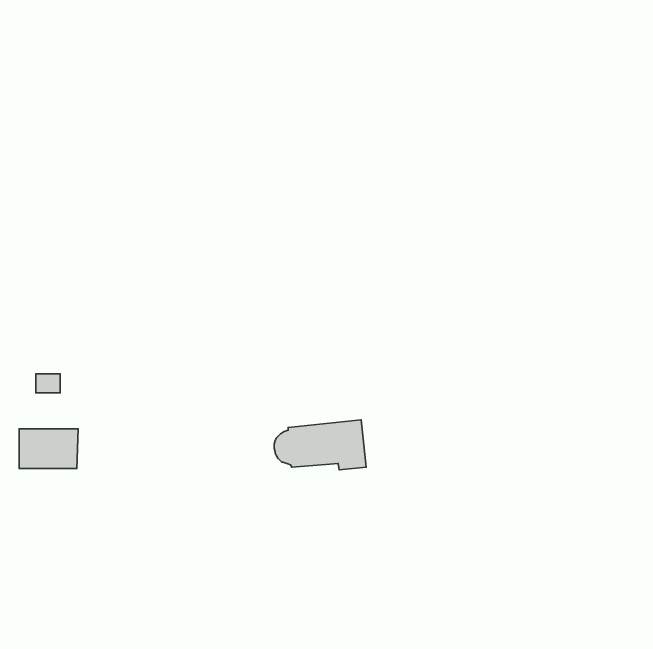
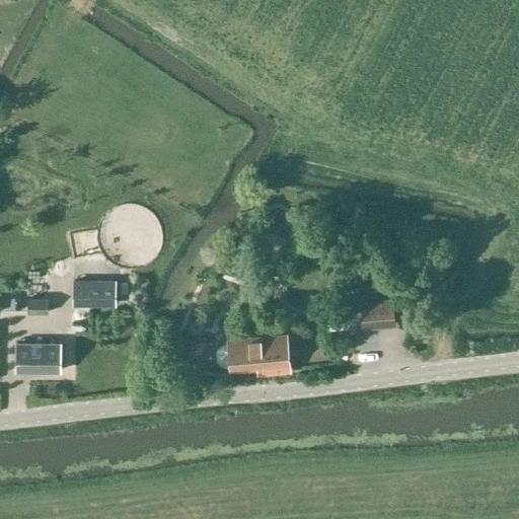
building: none -> [73,281,115,308]
building: none -> [361,301,396,332]

